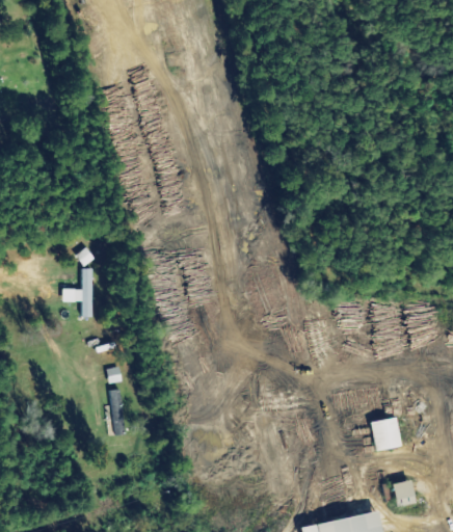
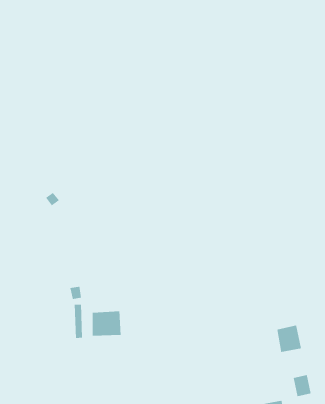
building: [62,269,94,318] -> none
building: none -> [92,310,121,337]

